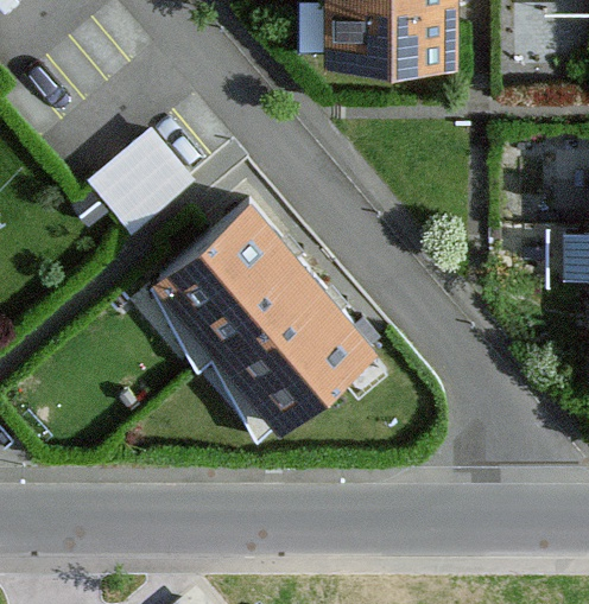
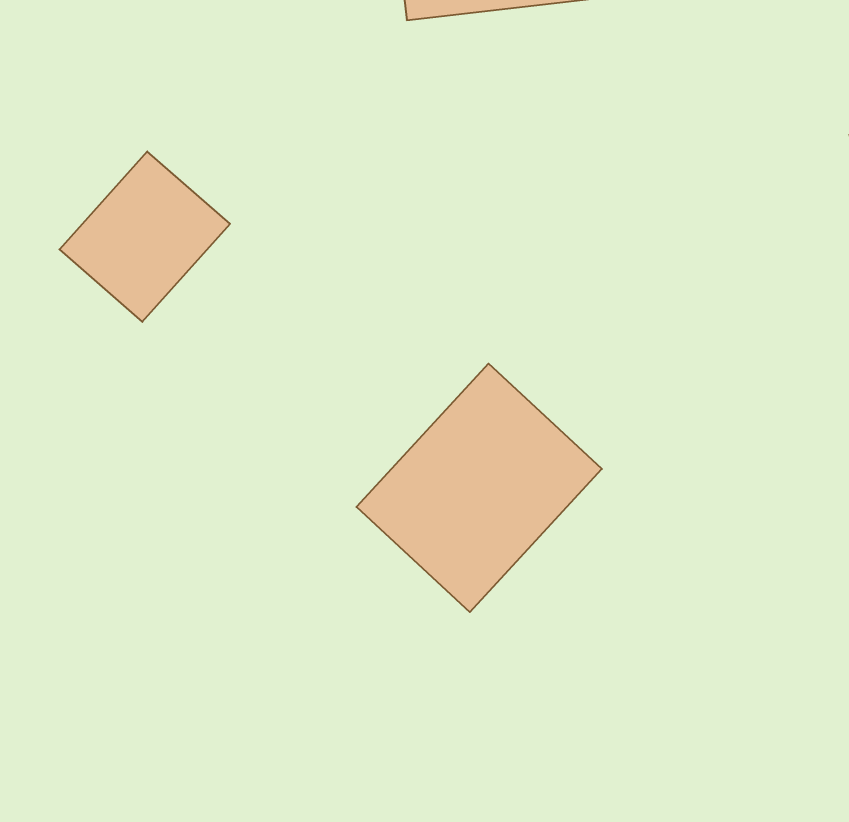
building: [183,212,337,363] -> none

